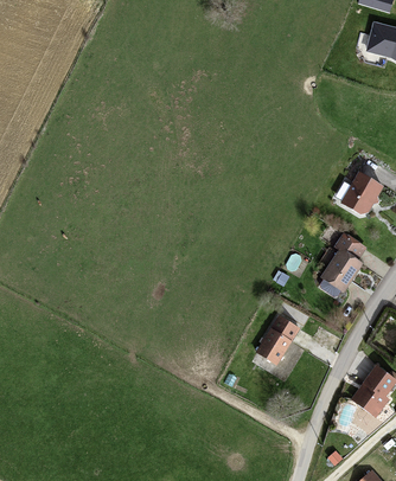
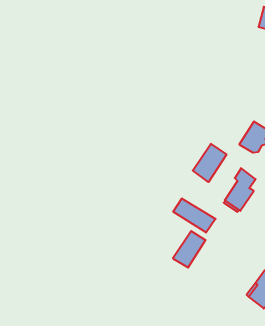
building: none -> [193,144,226,182]
building: none -> [173,198,216,233]

